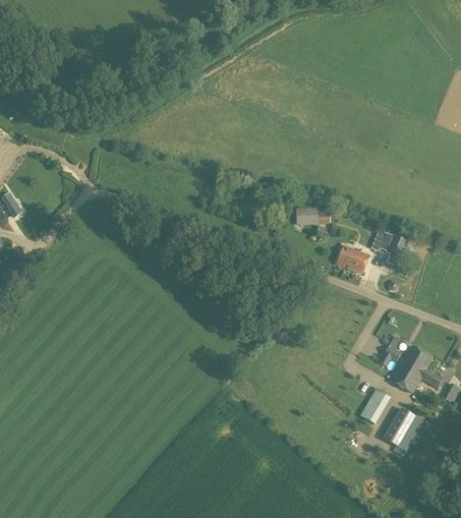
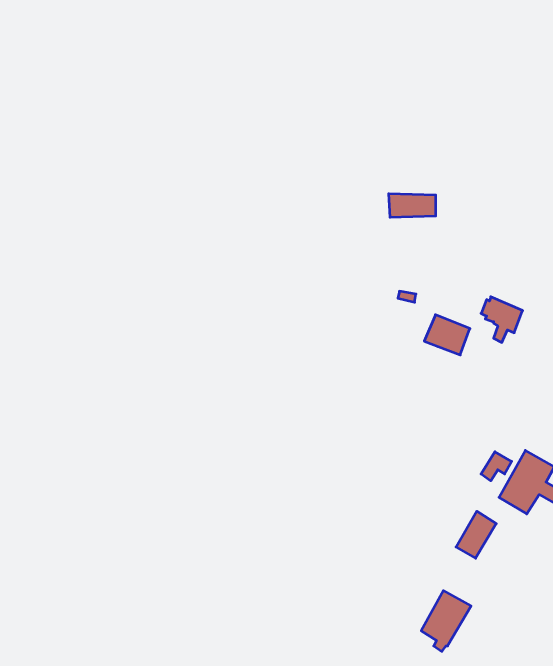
building: [294,208,329,225] -> [389,194,436,217]
building: [383,408,419,453] -> [421,591,471,651]

